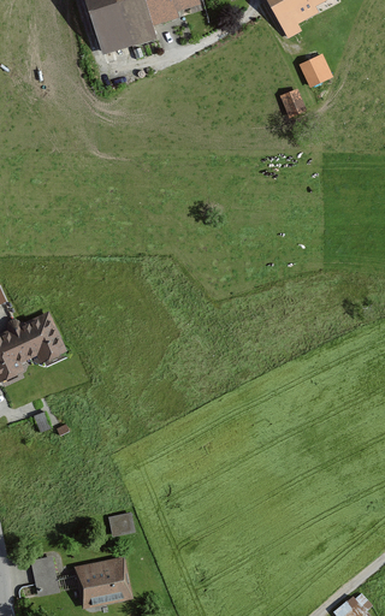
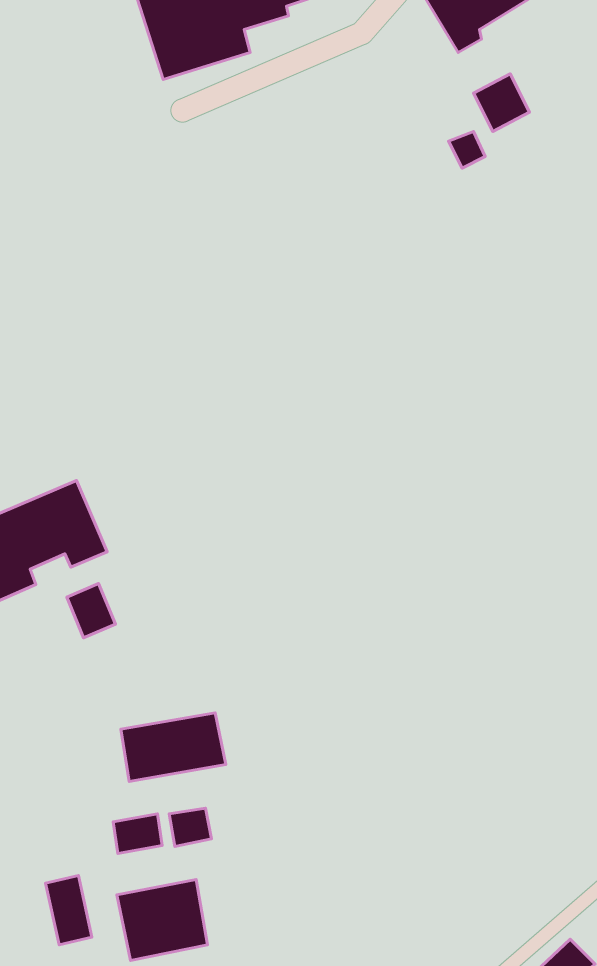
building: none -> [67,584,115,638]
building: none -> [121,713,226,782]
building: none -> [113,814,162,853]

